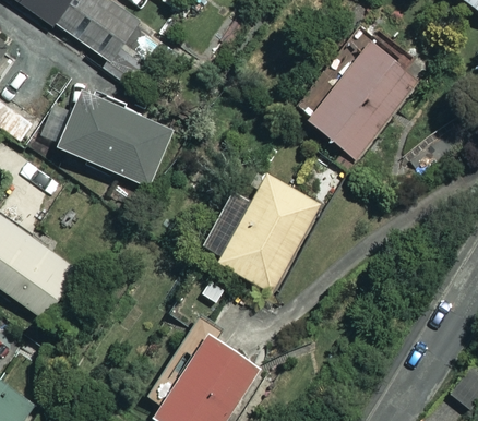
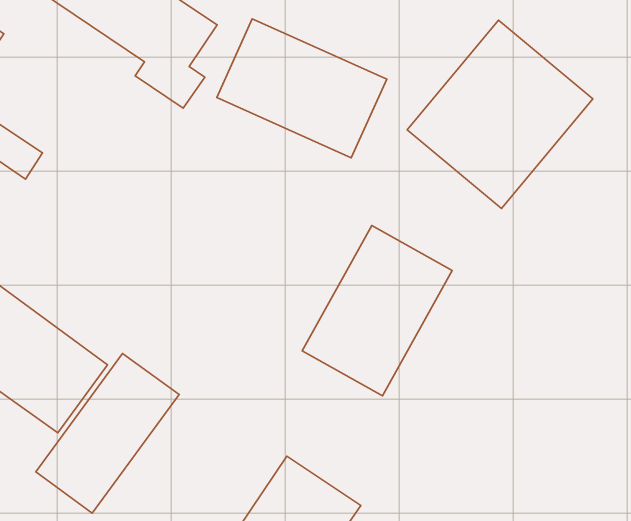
building: [52,87,172,185] -> [217,19,387,158]
building: none -> [36,353,179,513]

